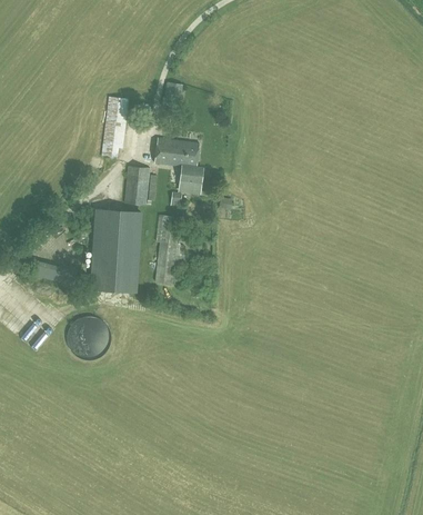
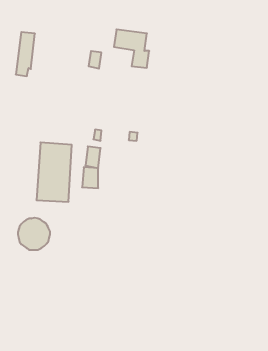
building: [101,97,128,158] -> [16,32,35,76]
building: [153,137,202,190] -> [114,29,149,68]
building: [123,166,150,205] -> none

